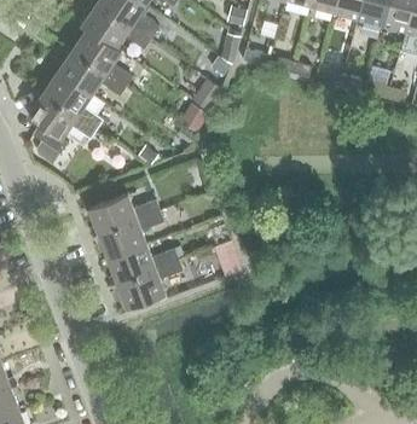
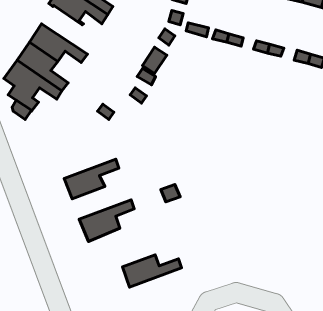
building: [71,29,132,87] -> none
building: [88,193,160,234] -> none
building: [108,244,178,283] -> [122,255,182,287]

